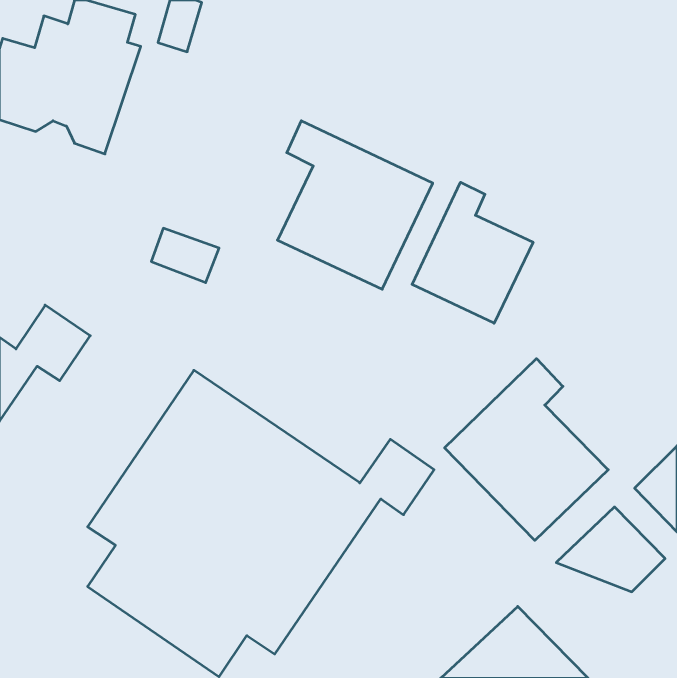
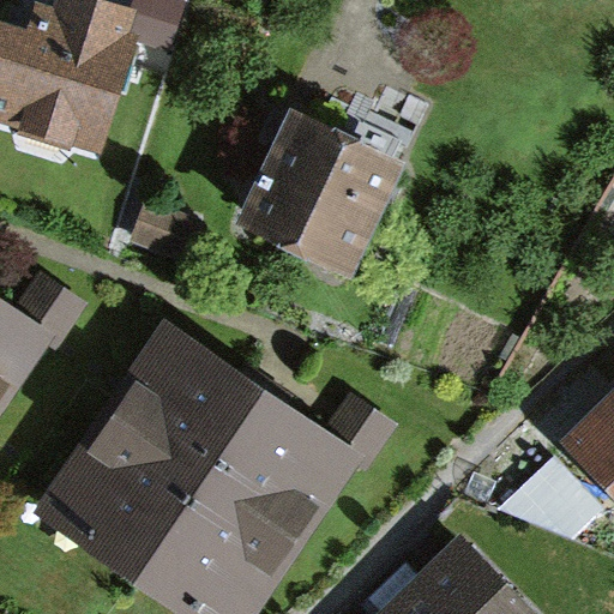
building: [412,182,533,323] -> none
building: [445,359,608,540] -> none

